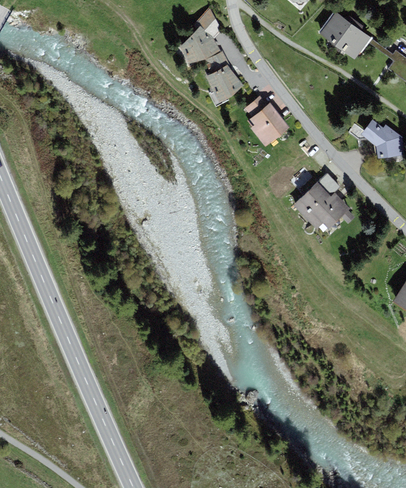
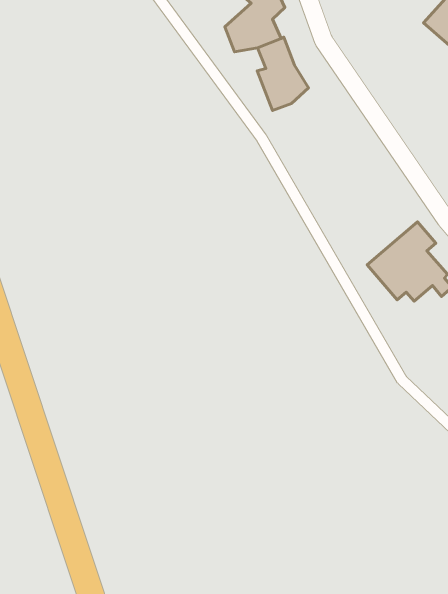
building: [243,96,289,147] -> none

